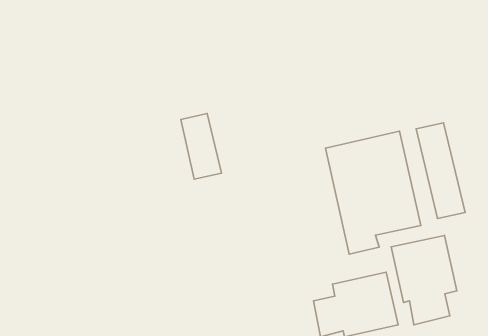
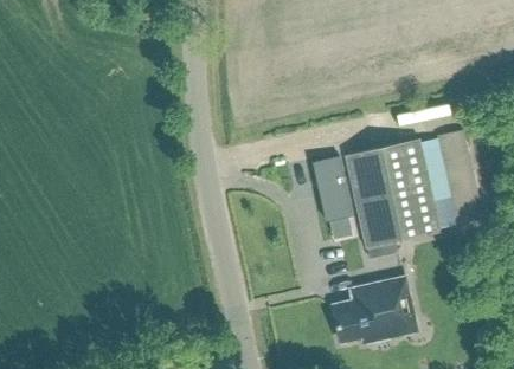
building: [181,114,222,179] -> [310,157,351,222]
building: [391,235,457,325] -> none

